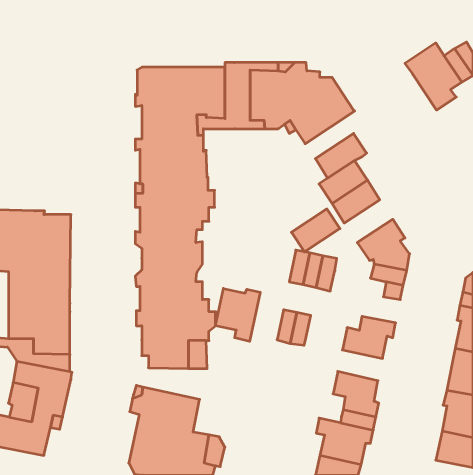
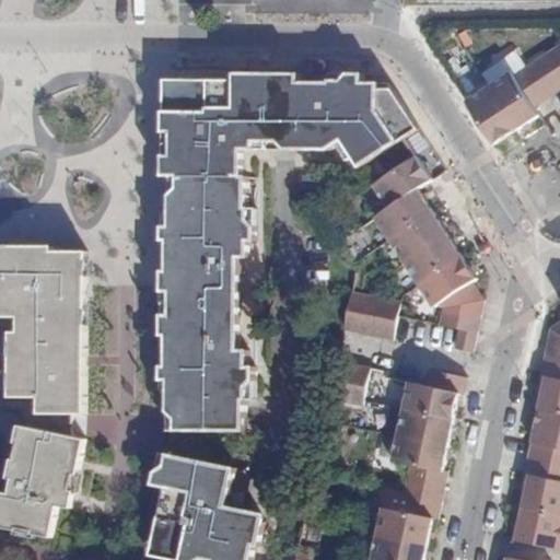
building: none -> [462,86,512,142]
building: [291,209,340,252] -> [404,234,460,284]
building: [216,288,260,341] -> none
building: none -> [396,410,448,446]

